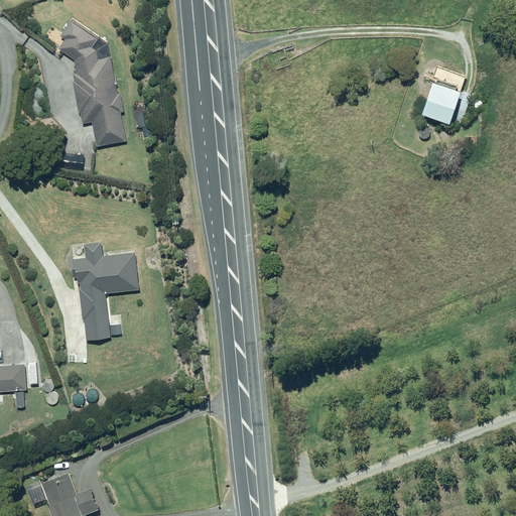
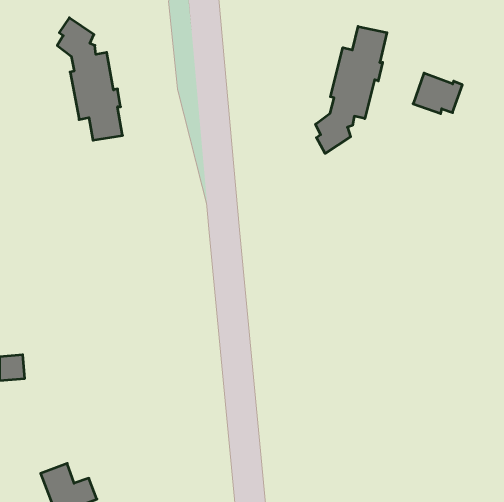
building: none -> [316,26,387,153]
building: [71,243,138,341] -> none

